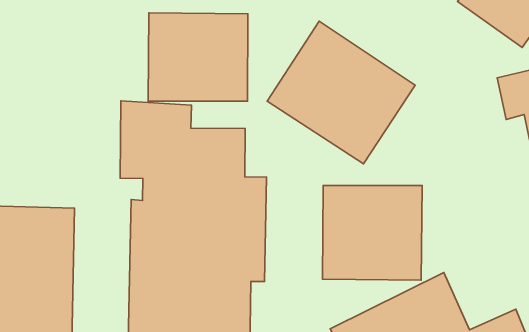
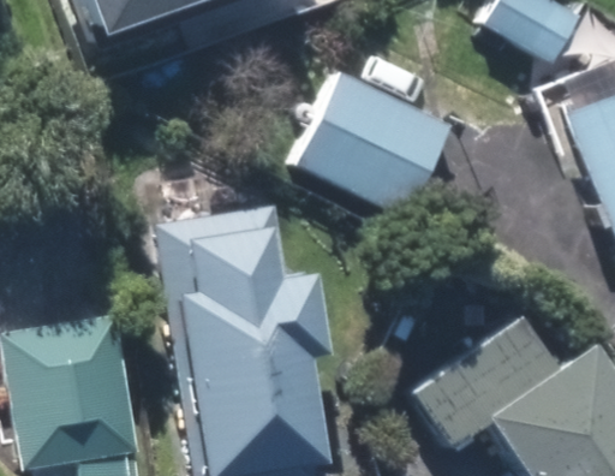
building: [148,13,248,101] -> none
building: [322,186,422,280] -> none

